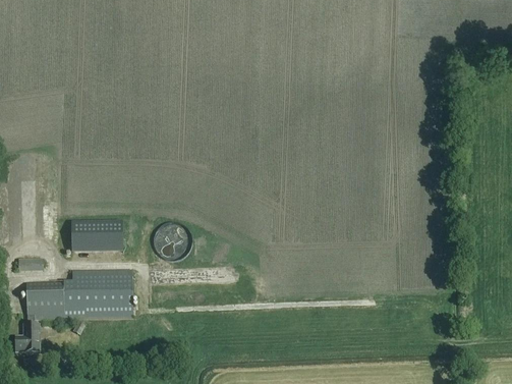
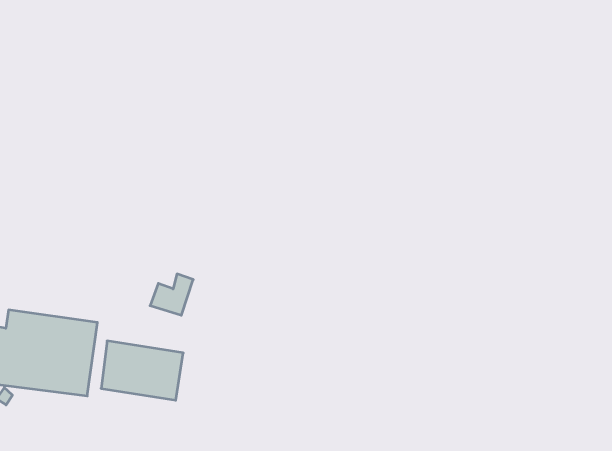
building: [69,221,120,253] -> [101,341,183,400]

